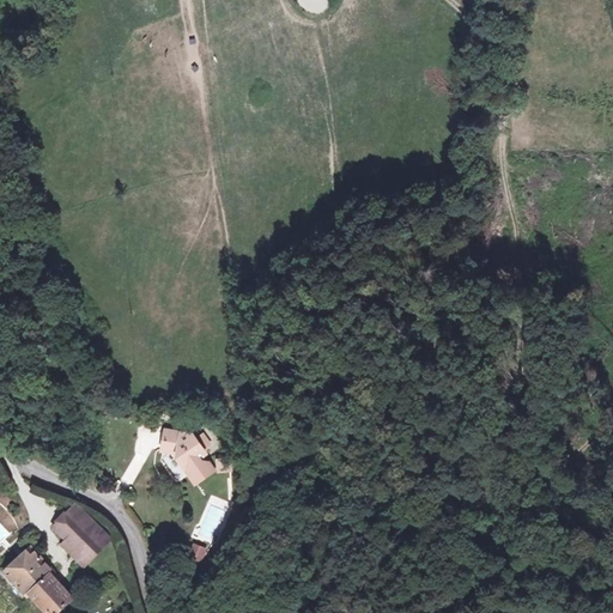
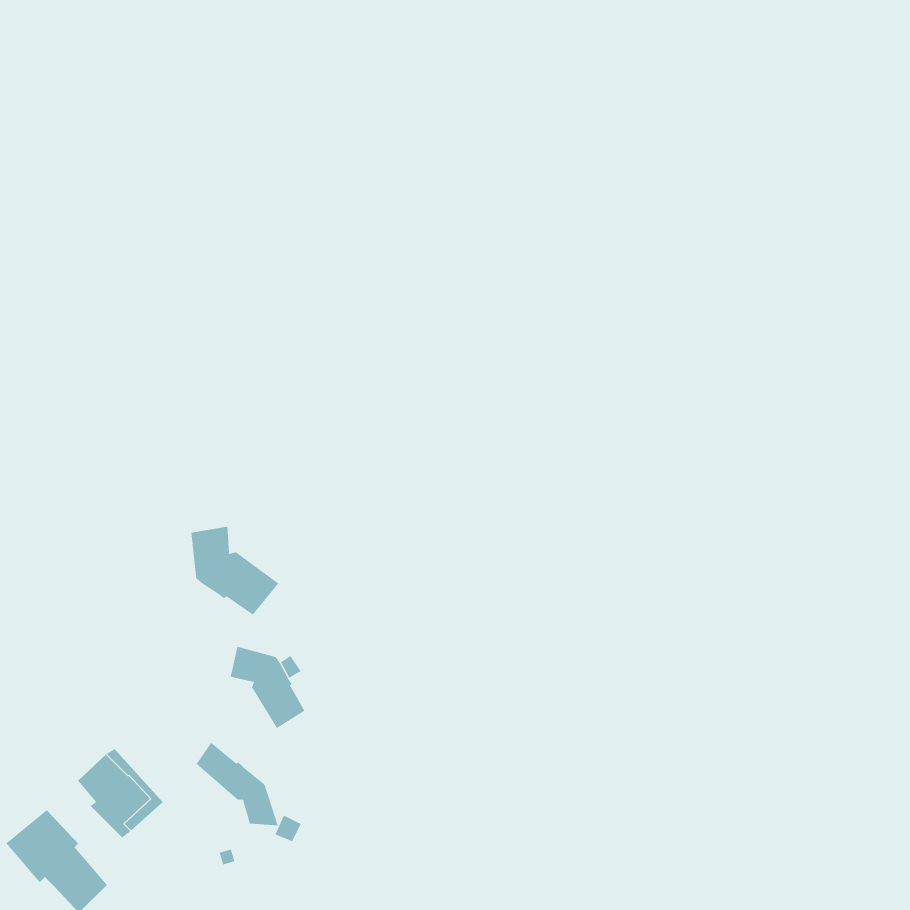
building: none -> [191,526,279,616]
building: none -> [196,742,279,826]

